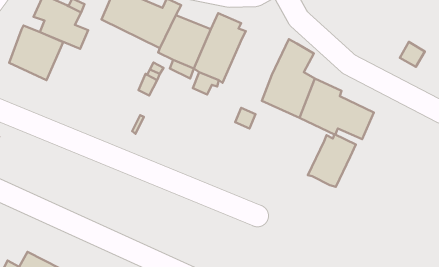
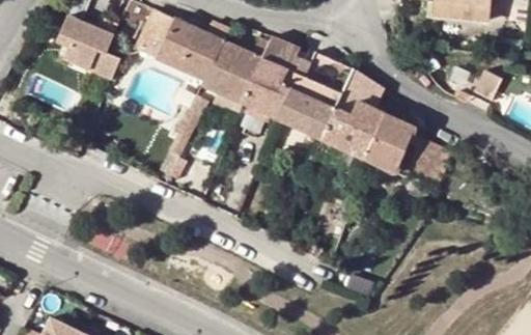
building: none -> [276,51,353,140]
building: [9,25,63,80] -> none
building: [308,134,356,187] -> none

